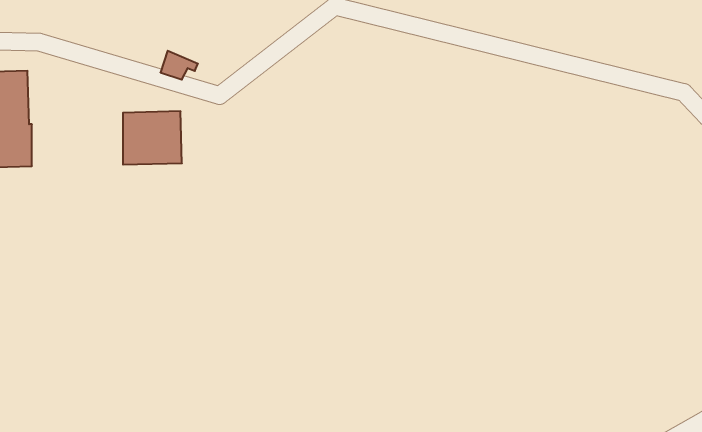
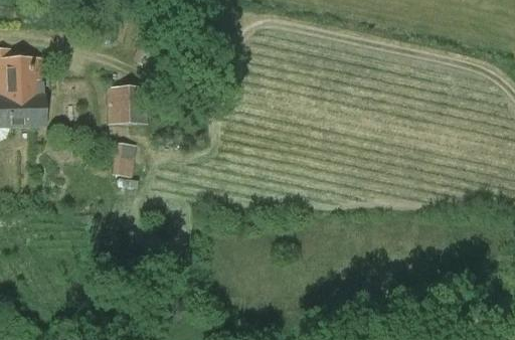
building: none -> [112,142,136,176]

